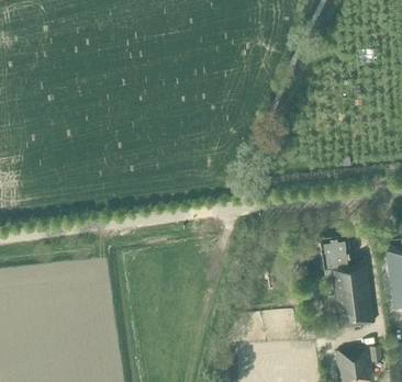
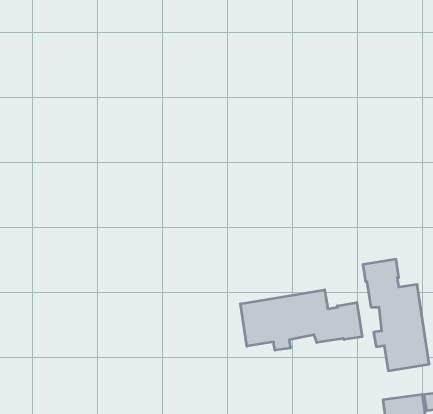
building: none -> [240,290,362,350]

